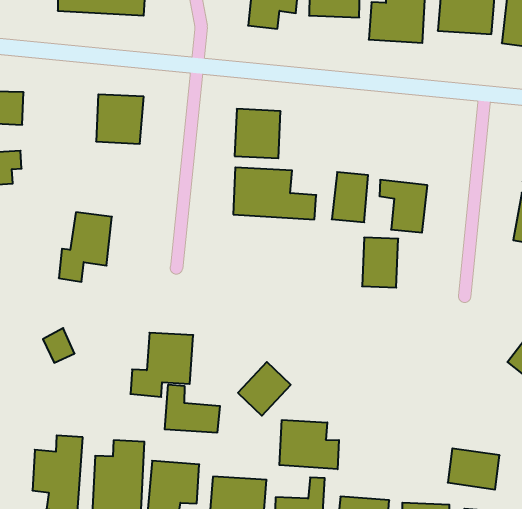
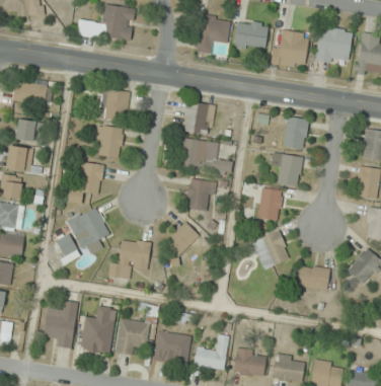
building: none -> [95,126,123,158]
building: [332,172,368,222] -> [283,117,307,149]
building: none -> [184,177,213,213]
building: none -> [67,206,109,255]
building: none -> [251,231,290,269]
building: [238,362,291,416] -> [165,221,199,254]
building: [165,385,220,433] -> none
building: [279,420,339,469] -> none
building: [448,448,500,490] -> [296,263,329,291]

